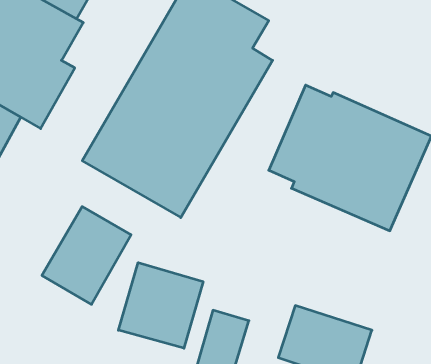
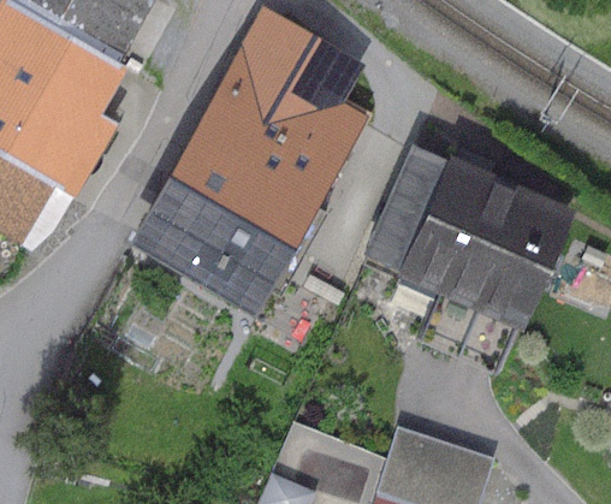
building: [42,207,131,304] -> none
building: [118,263,203,348] -> none

